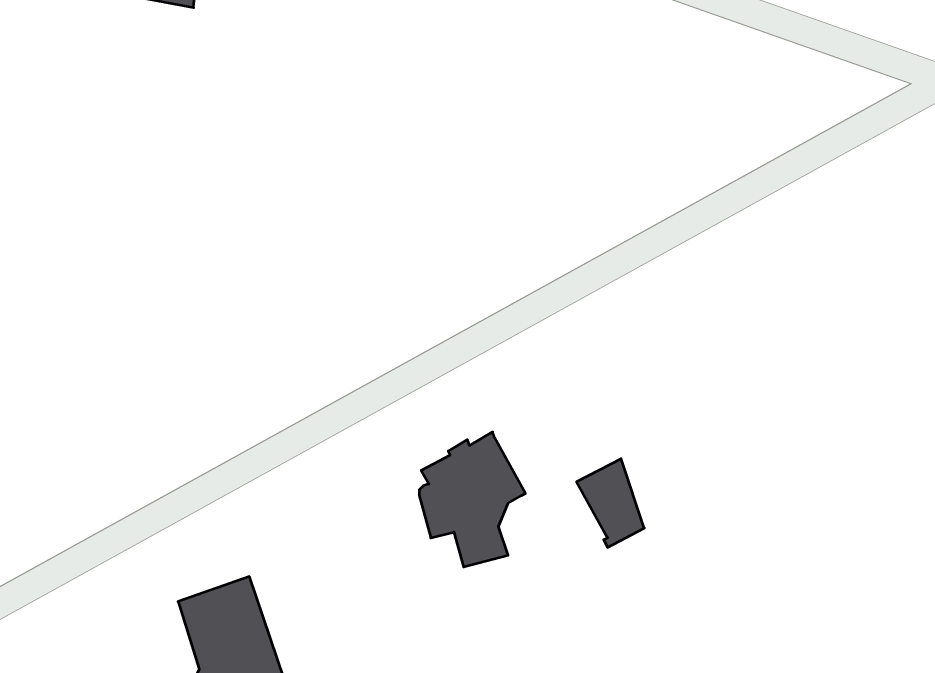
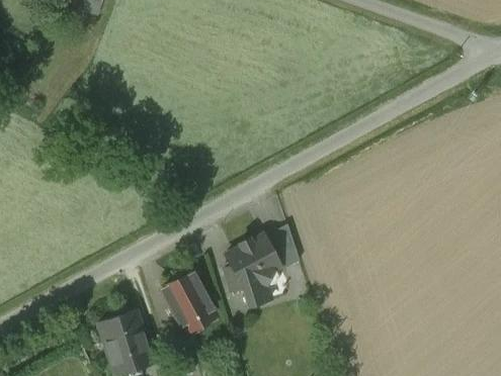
building: [577,459,644,547] -> [263,225,299,272]
building: none -> [160,272,213,333]

